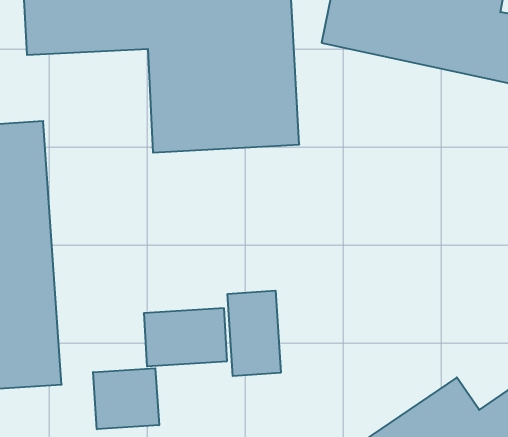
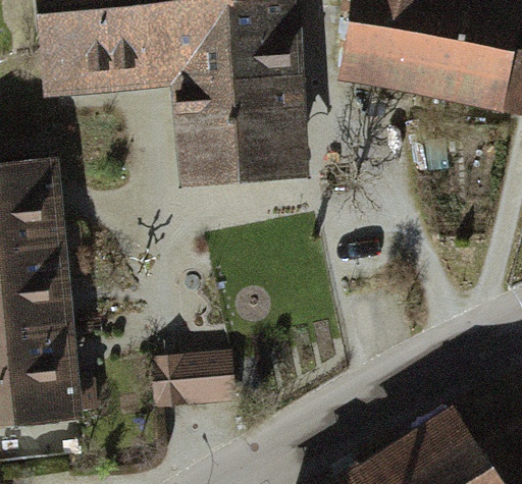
building: [228,291,281,376] -> none
building: [93,368,159,429] -> none

